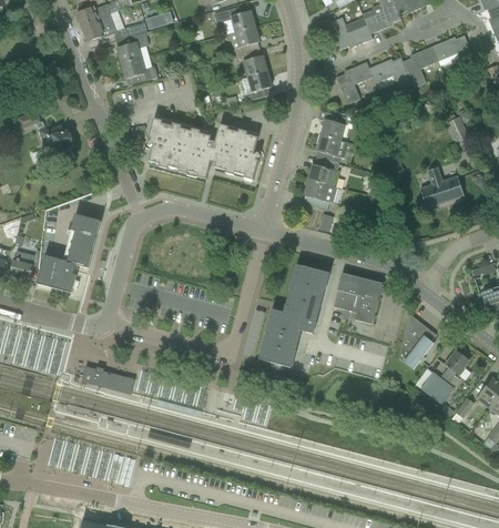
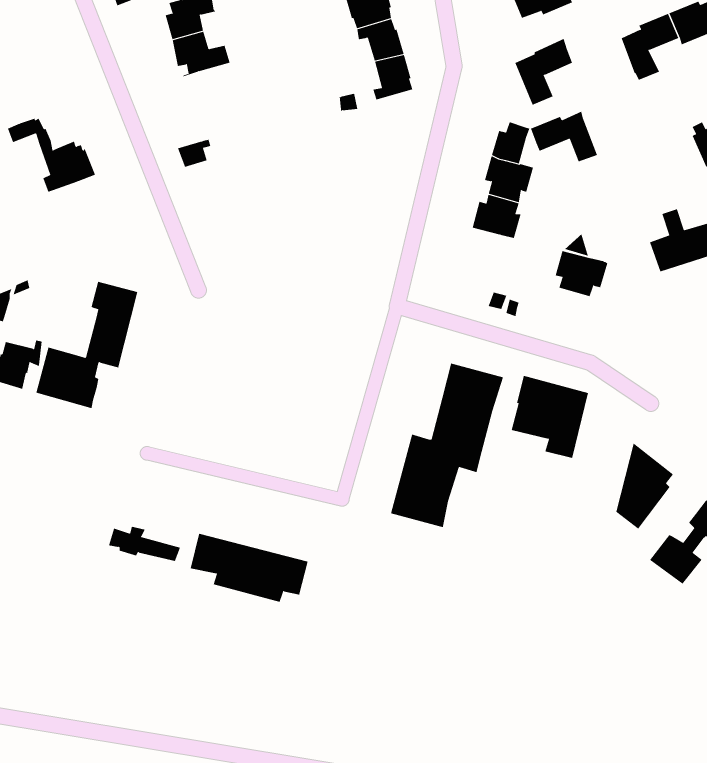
building: [369,57,411,89] -> [530,111,598,162]
building: [146,118,259,180] -> none
building: [305,180,338,209] -> [555,251,608,297]

